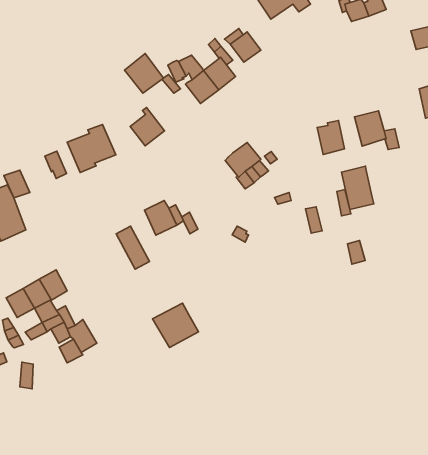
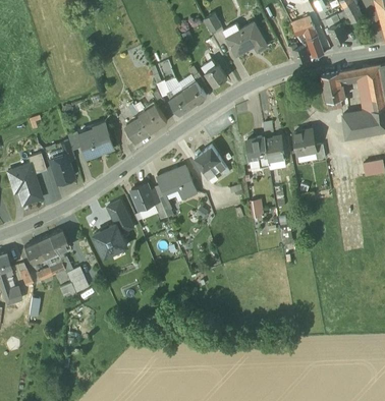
building: none -> [321,71,343,101]
building: [125,54,163,93] -> [139,103,167,132]
building: [341,166,374,210] -> [246,136,269,168]
building: none -> [50,156,73,183]
building: none -> [158,167,197,197]
building: [152,303,198,348] -> [94,225,127,257]

